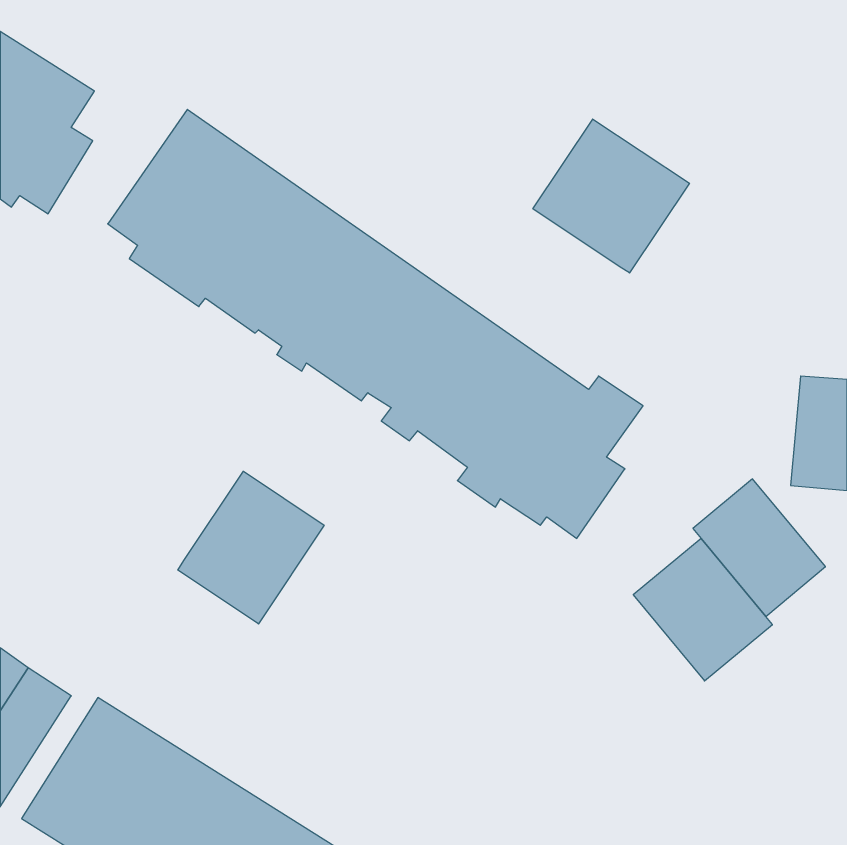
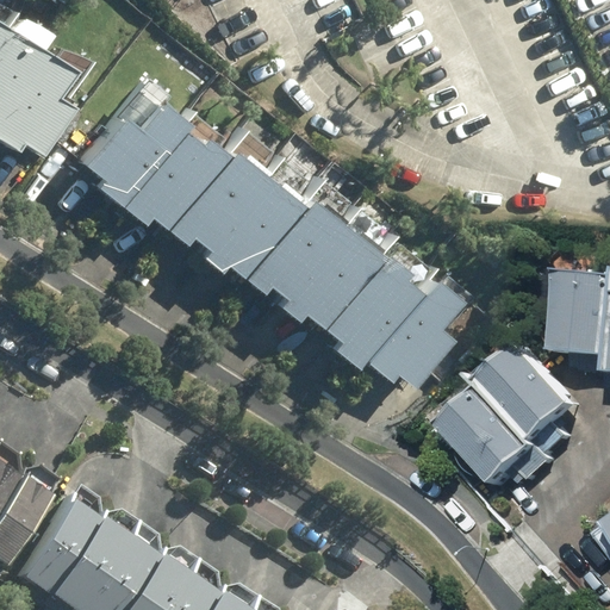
building: [533,119,689,273] -> none
building: [178,471,324,624] -> none

